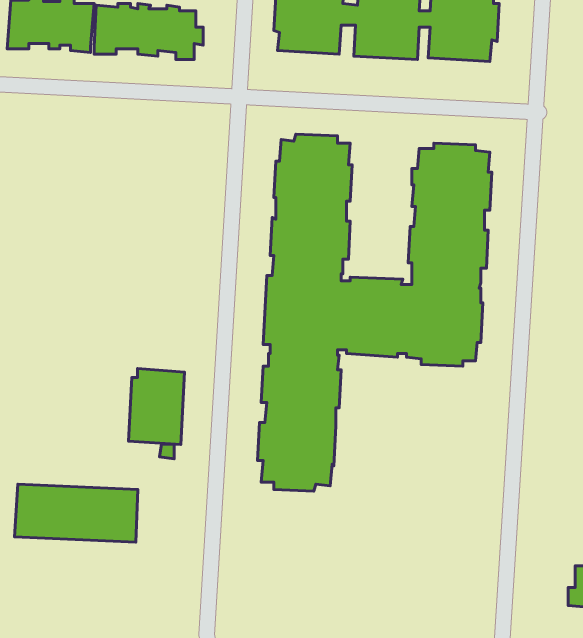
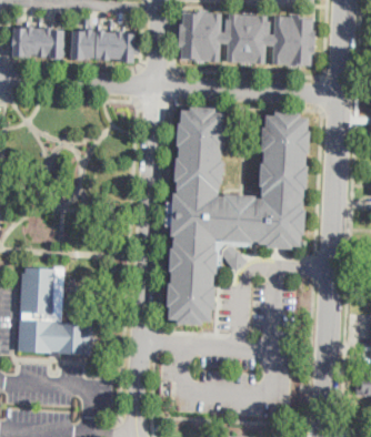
building: [128,368,185,445] -> [20,270,54,316]

